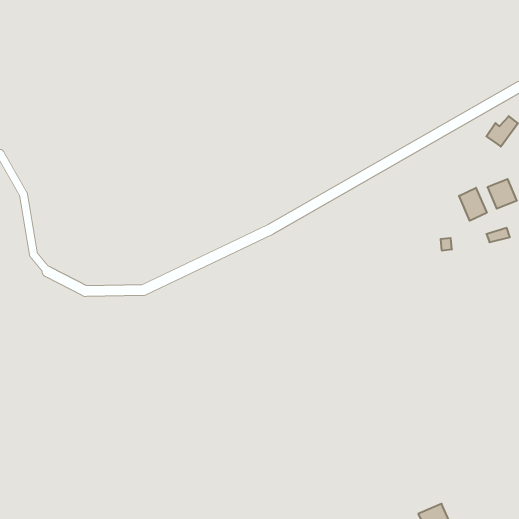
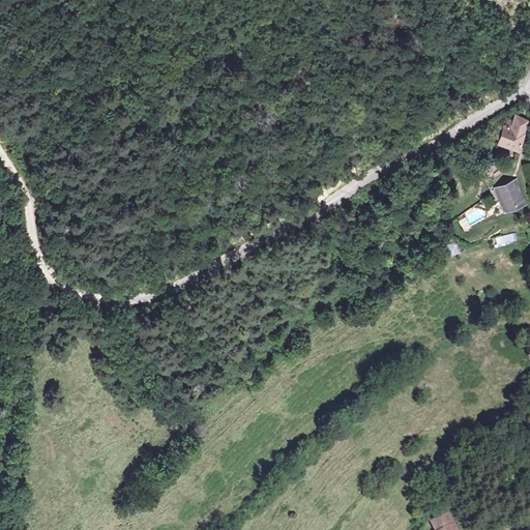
building: [459,188,487,221] -> none

